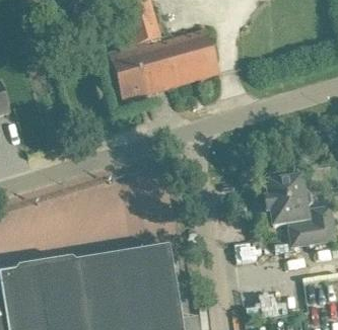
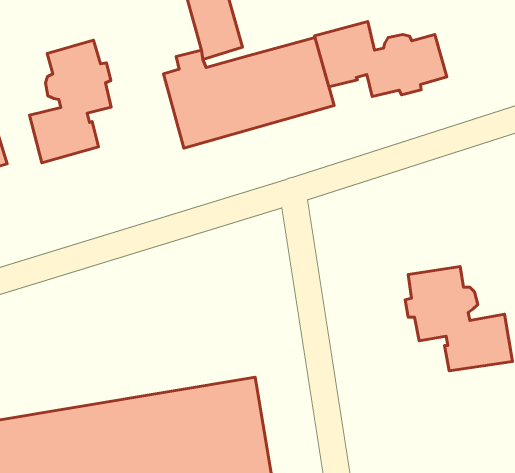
building: none -> [315,22,447,97]
building: none -> [29,40,111,163]

